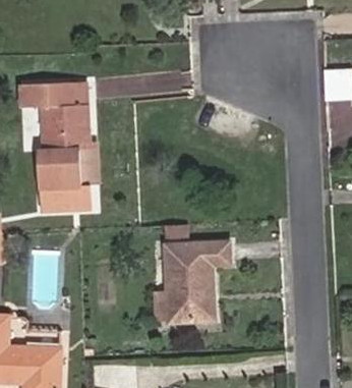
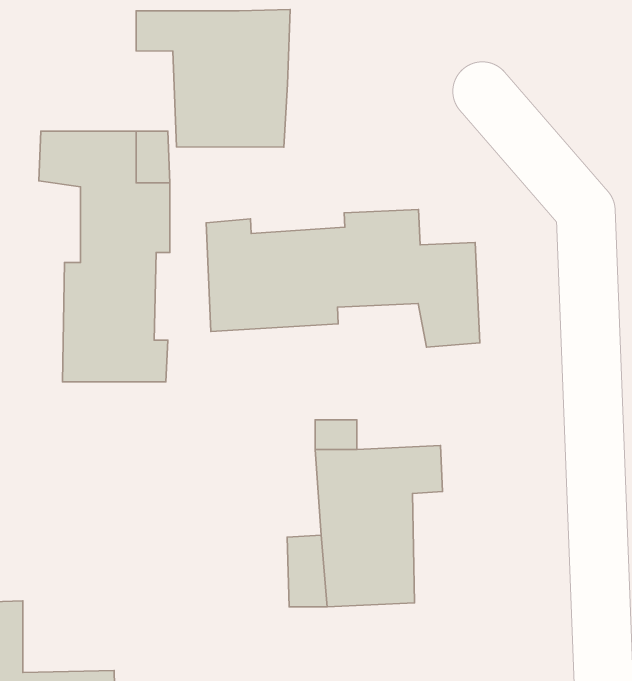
building: none -> [136,9,290,147]
building: none -> [206,209,480,347]

